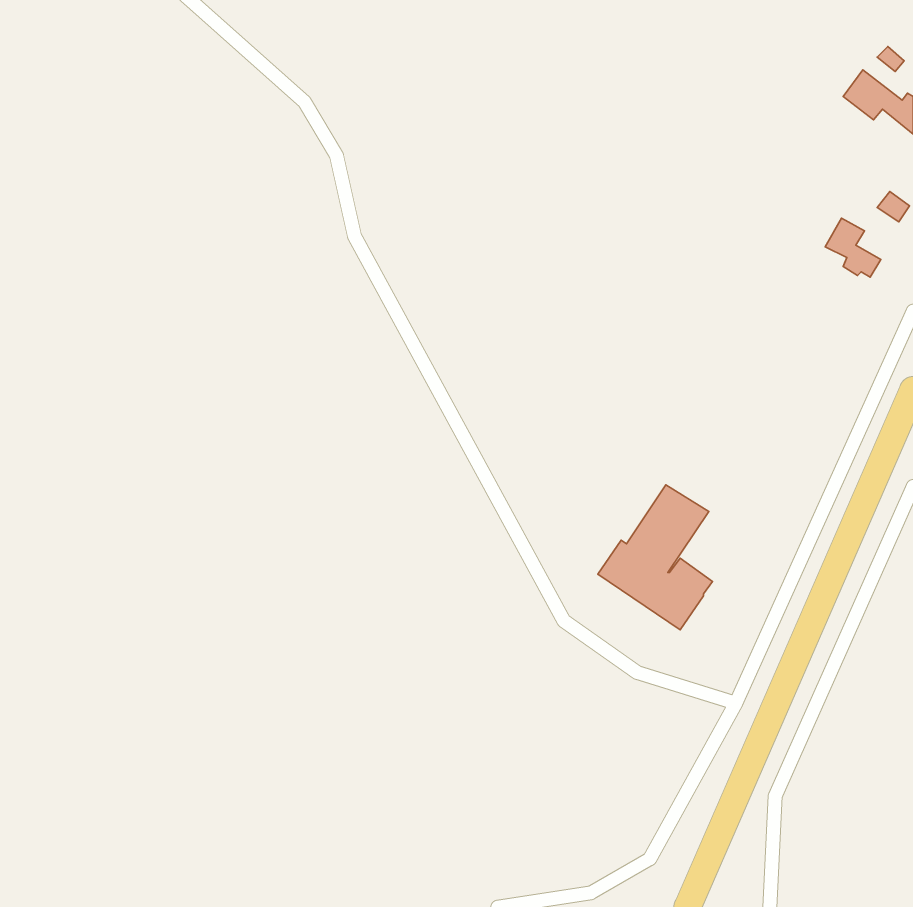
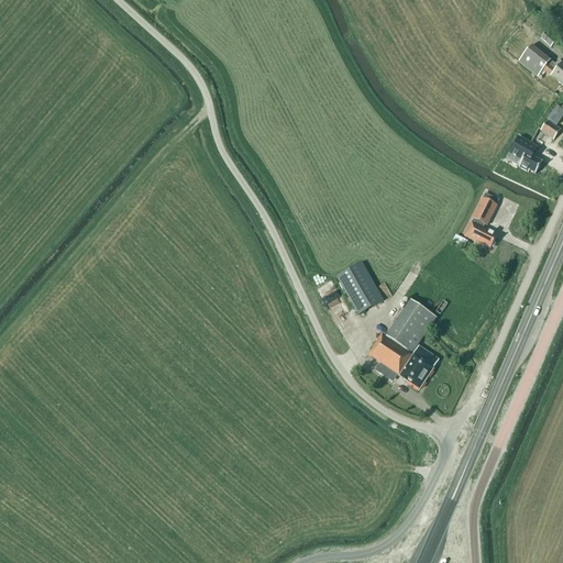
building: none -> [463,196,496,245]
building: none -> [335,260,382,311]

